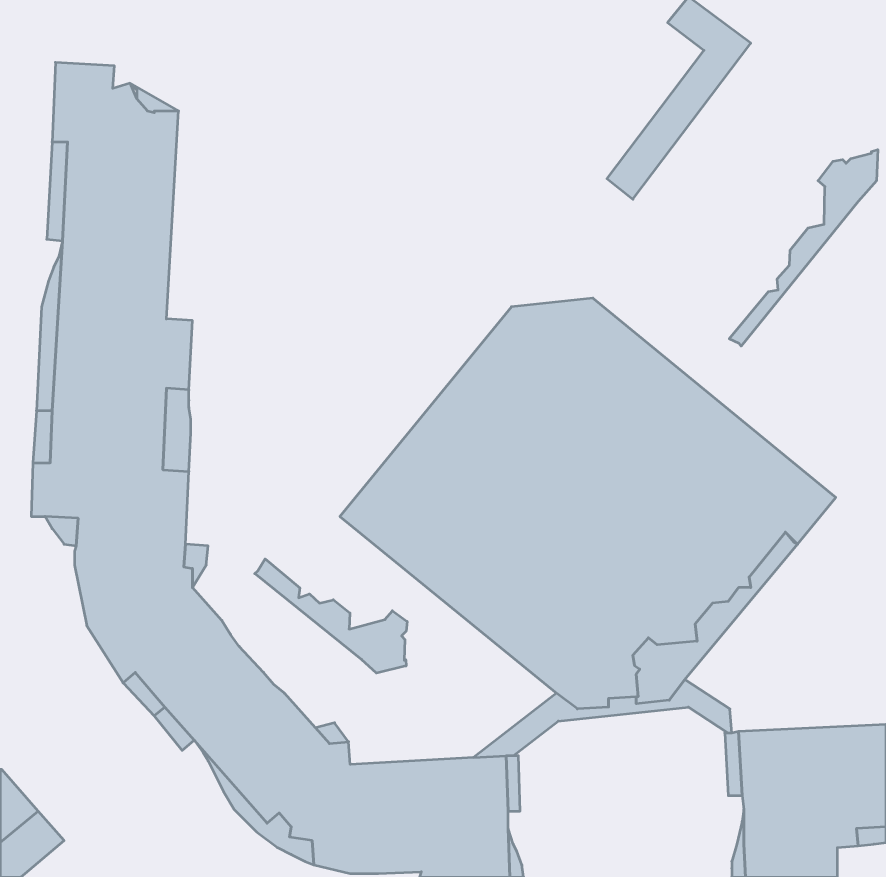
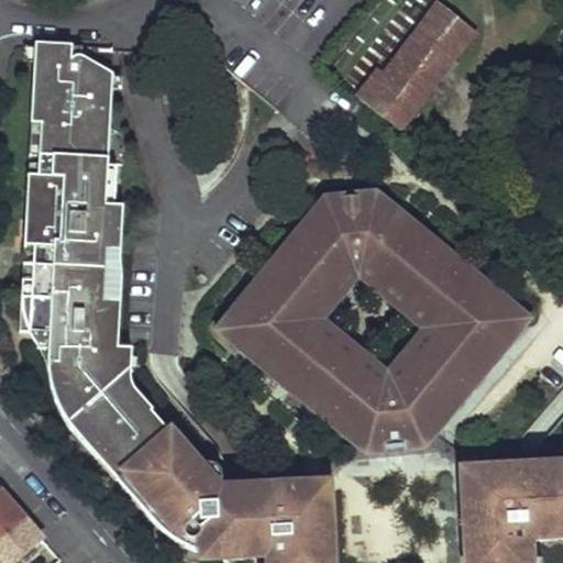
building: none -> [356,14,446,113]
building: [729,150,878,346] -> none
building: [255,559,407,673] -> none

